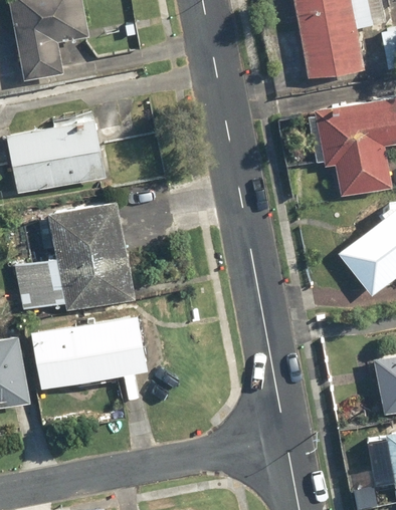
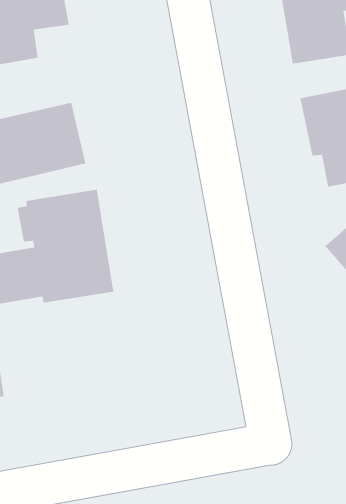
building: [30,314,146,390] -> none

